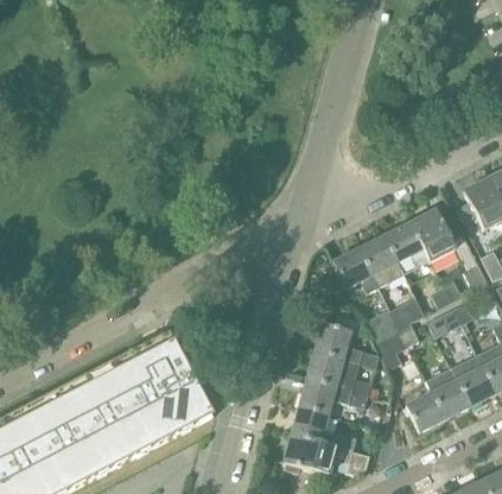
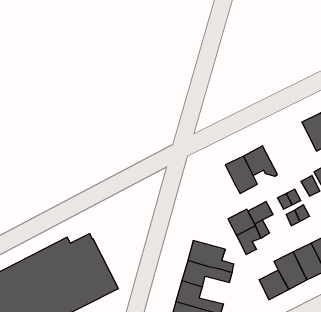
building: [411,208,457,260] -> none
building: [333,247,380,293] -> none
building: [316,314,380,367] -> none

